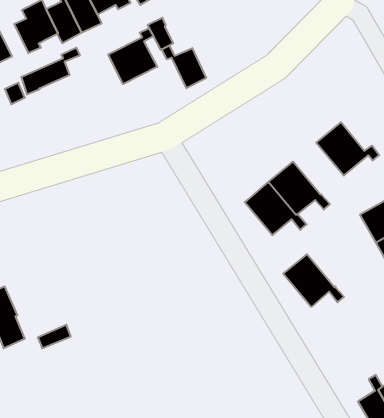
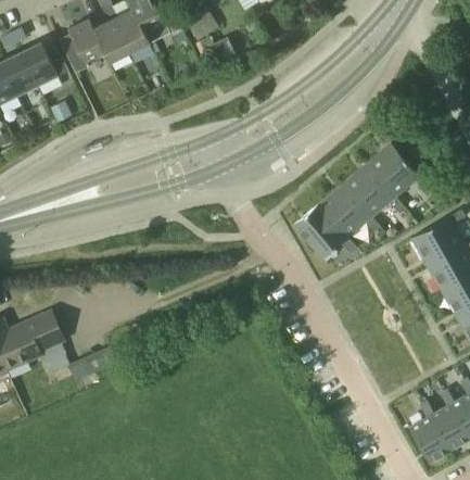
building: [108,28,157,84] -> none
building: [162,45,206,88] -> none
building: [21,48,80,95] -> none
building: [283,254,344,307] -> [343,164,405,217]

